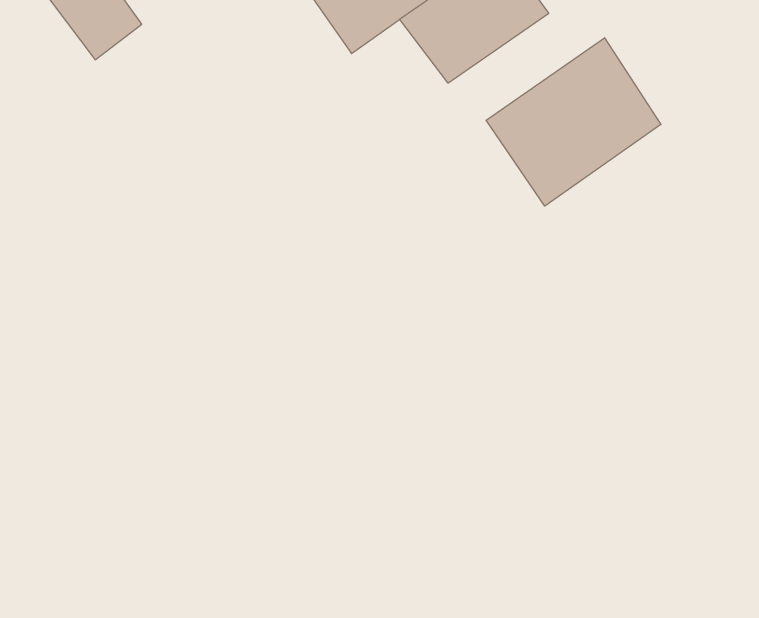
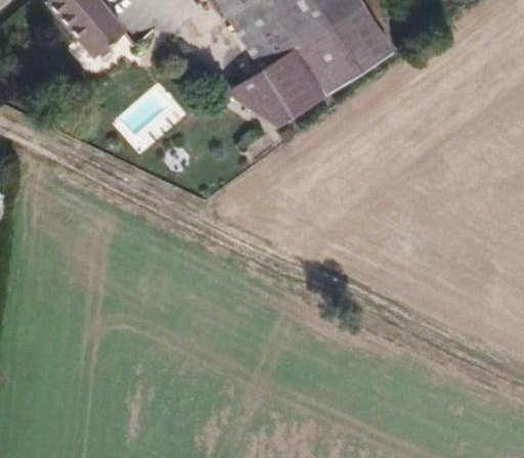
building: none -> [208,52,313,126]
building: [486,38,661,206] -> none

